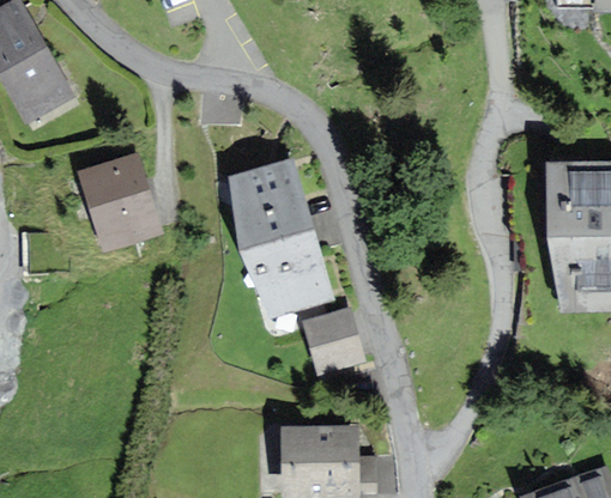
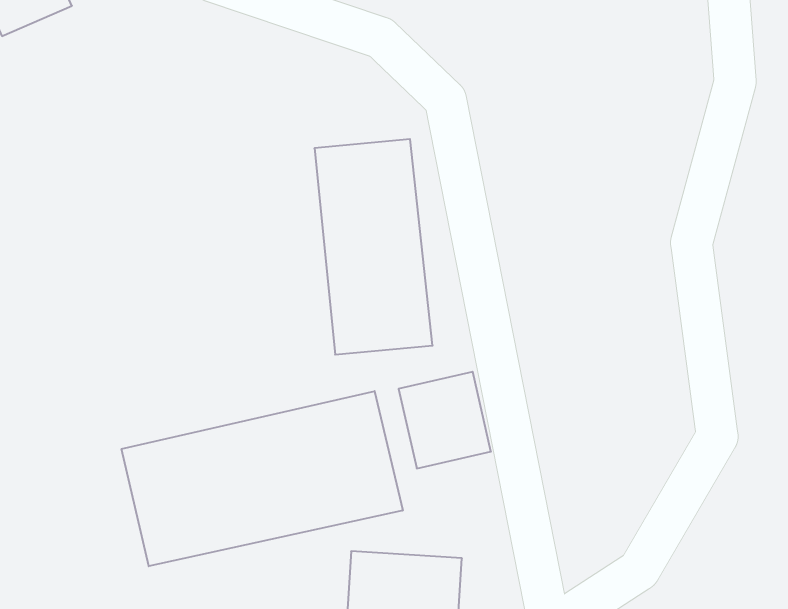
building: [83,154,161,250] -> none
building: none -> [122,391,403,566]

